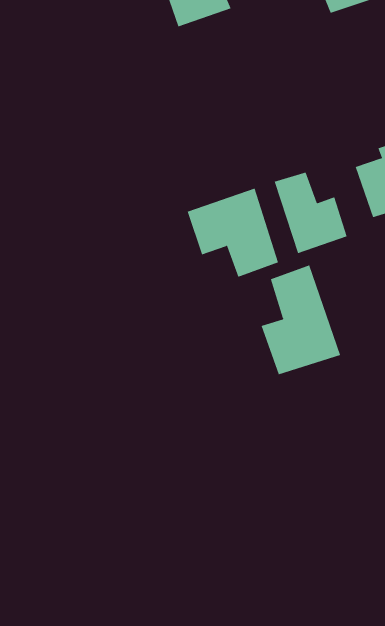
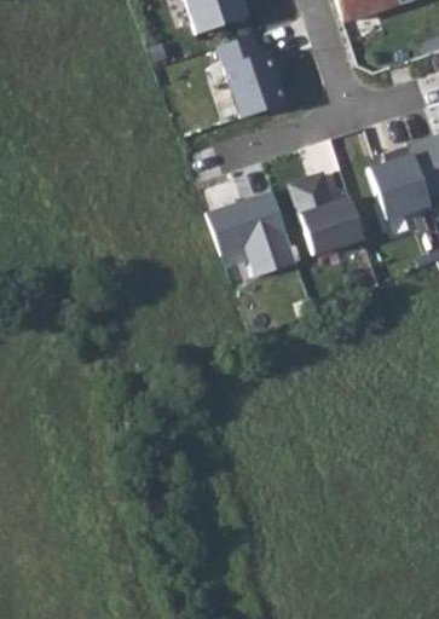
building: none -> [219,34,289,117]
building: [261,264,341,375] -> none

